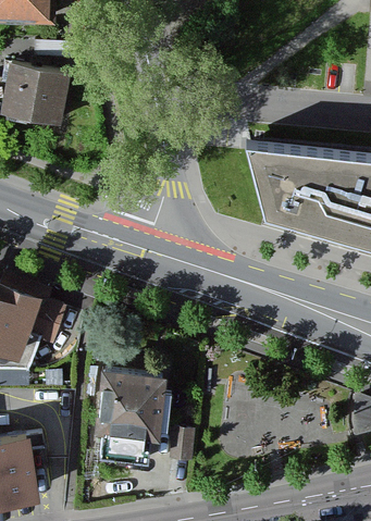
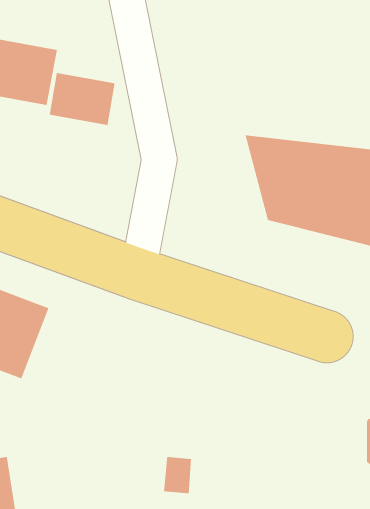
building: none -> [49,72,116,126]
building: [88,356,174,452] -> none

